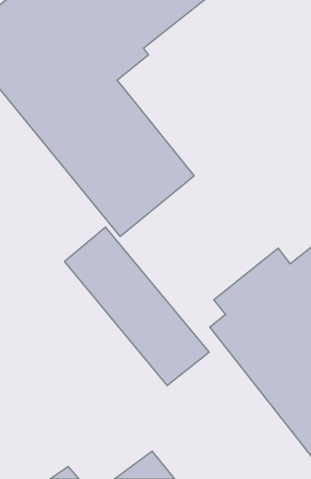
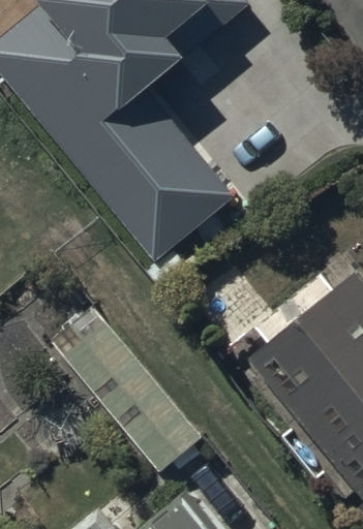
building: [64,227,209,385] -> [51,306,204,473]

